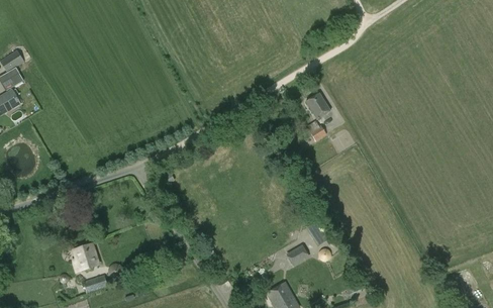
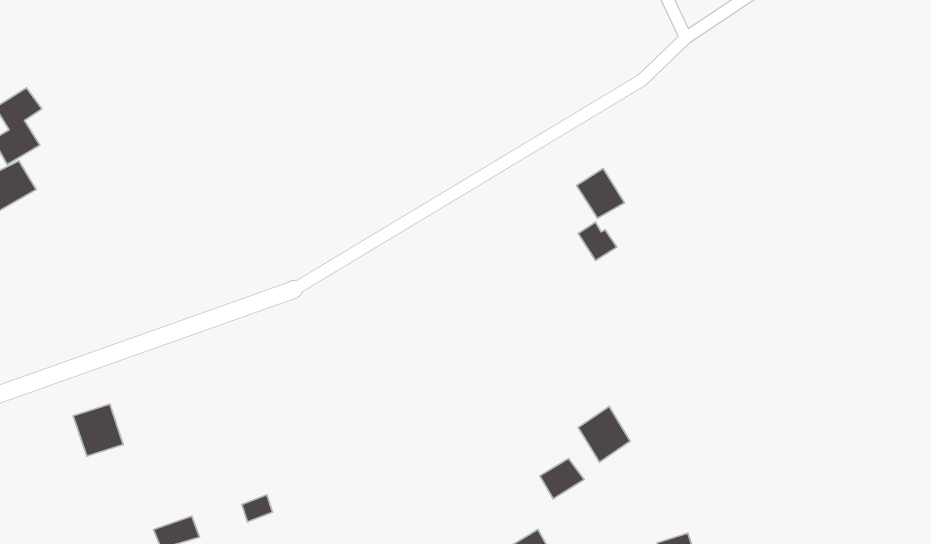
building: [73,243,99,271] -> [73,404,123,456]

